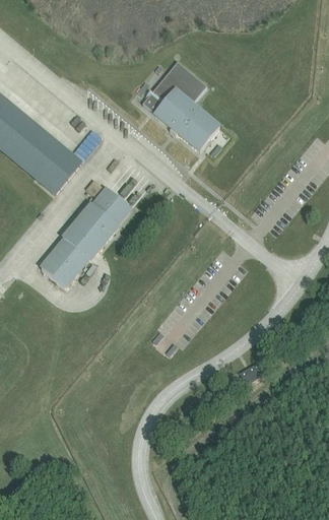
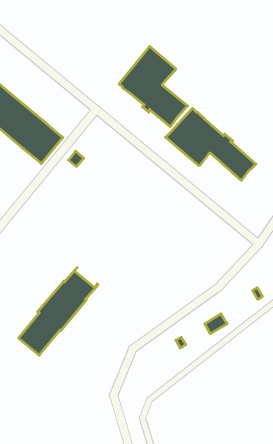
building: none -> [165,108,256,180]
building: [42,188,131,286] -> [19,268,98,355]

